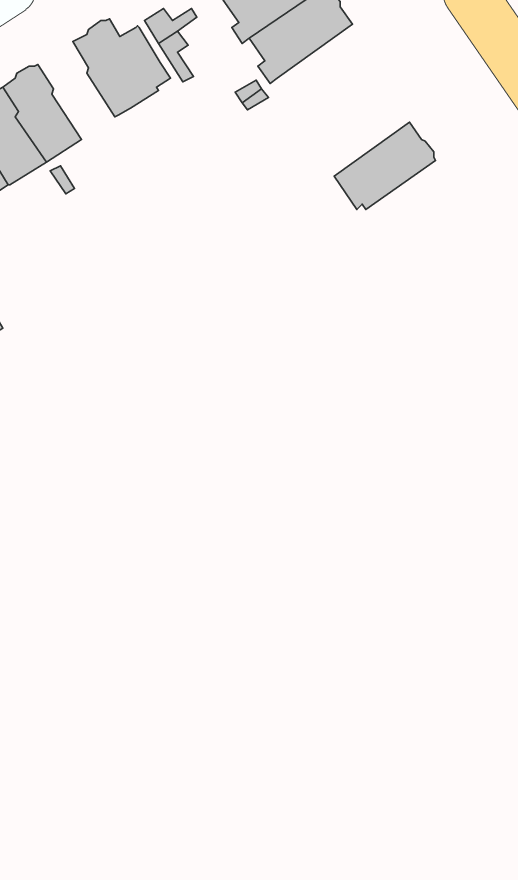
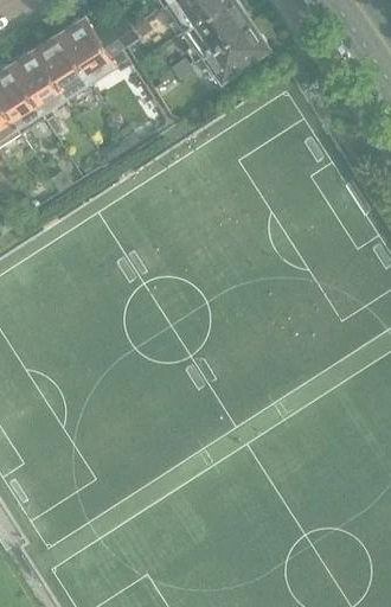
building: none -> [33,33,85,100]
building: [334,122,436,209] -> [196,21,264,81]

